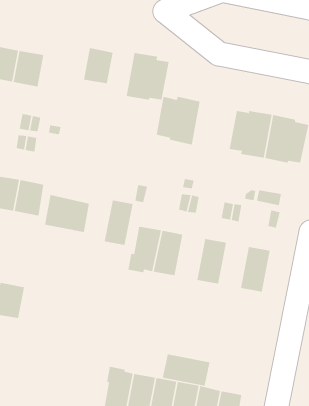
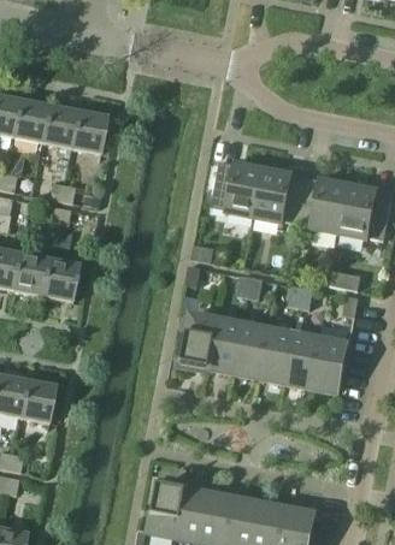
building: [83,47,114,84] -> [72,109,108,153]
building: [126,53,169,100] -> [255,165,307,221]
building: [44,194,90,233] -> none
building: [104,200,133,246] -> [235,322,270,377]
building: none -> [287,332,322,386]
building: [162,353,210,387] -> none

